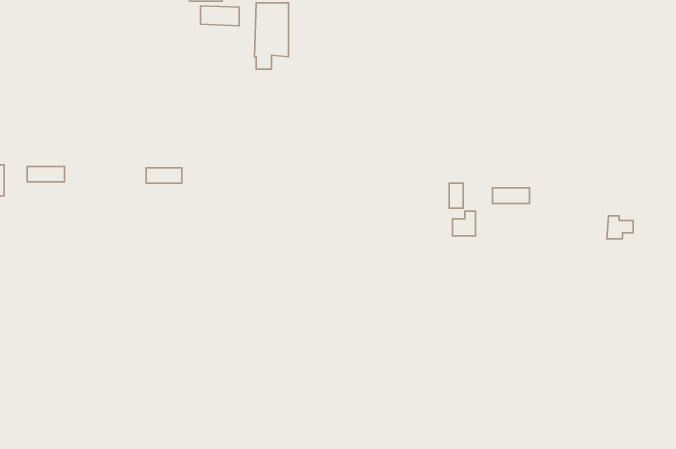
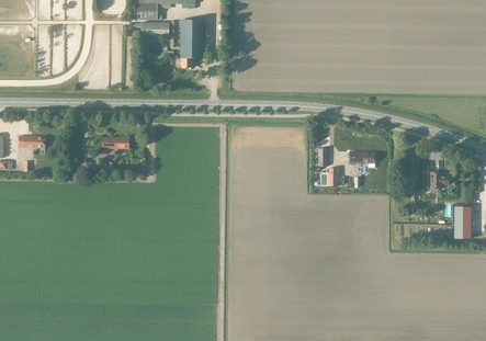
building: none -> [455,205,472,238]

